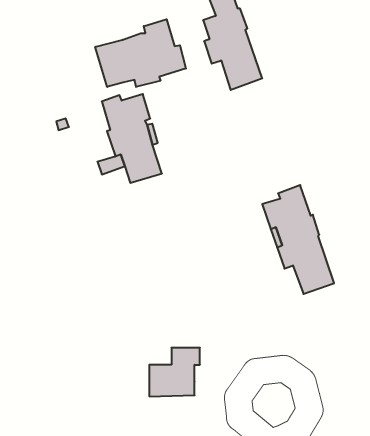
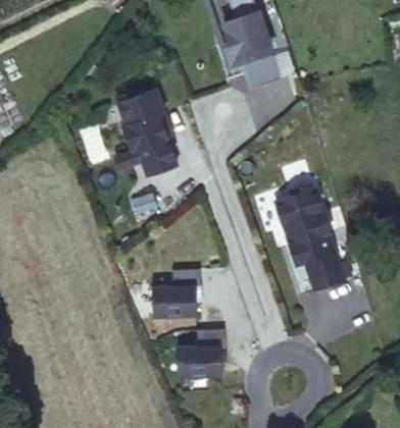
building: [95,19,186,87] -> none
building: none -> [144,277,193,324]

